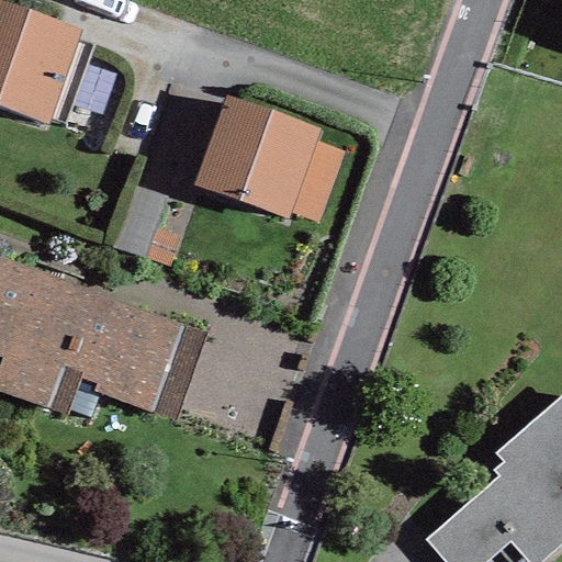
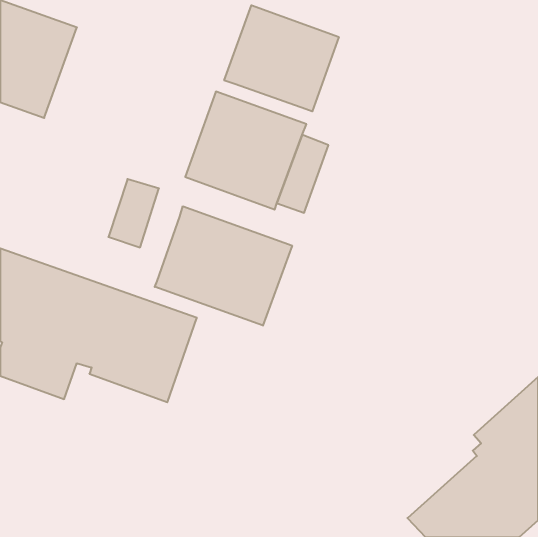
building: none -> [224,5,339,111]
building: none -> [155,206,292,326]

